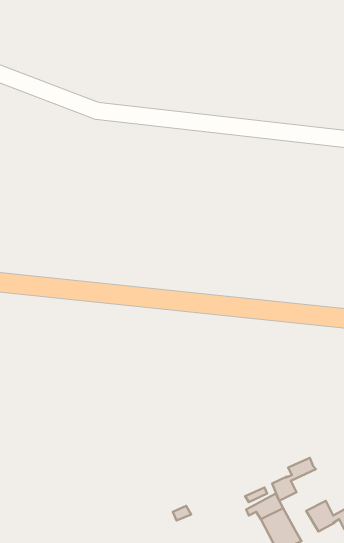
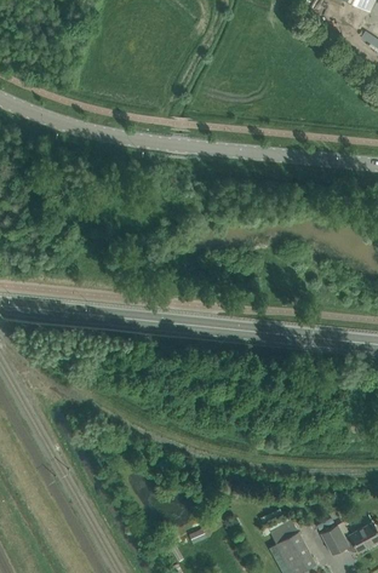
building: [272,458,316,501] -> none

